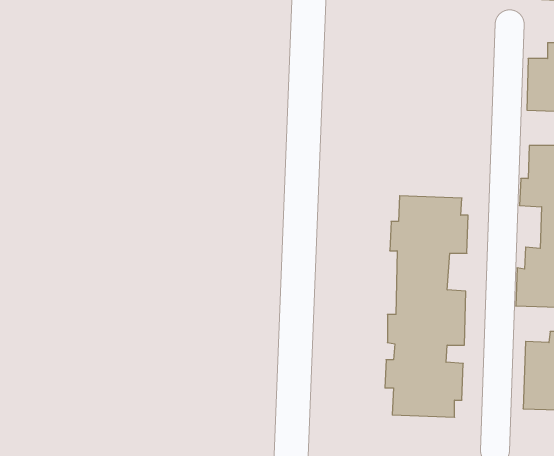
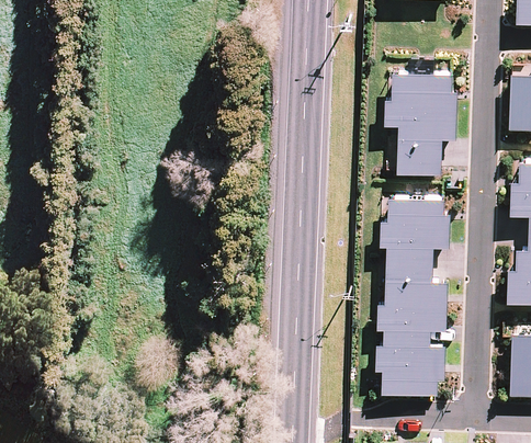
building: none -> [385,76,459,178]

